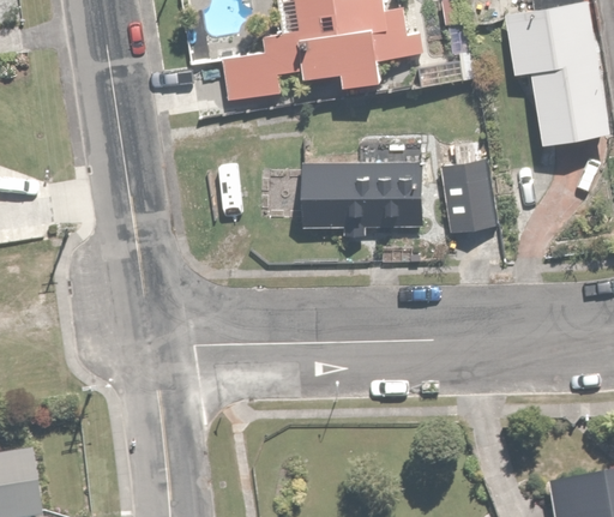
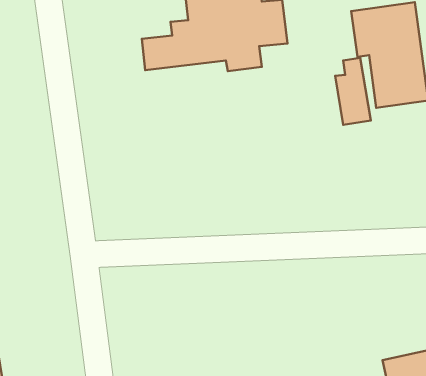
building: [441,139,489,229] -> [335,58,371,125]
building: [301,158,420,226] -> none

